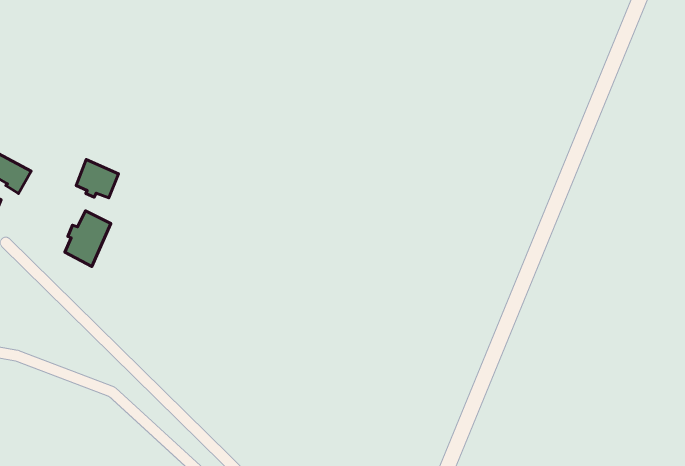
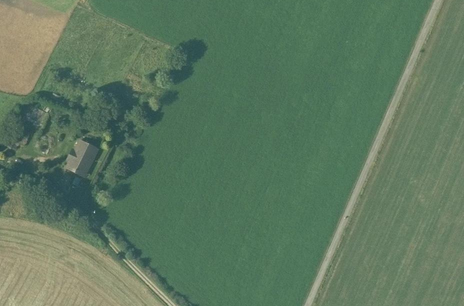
building: [76,160,118,198] -> none

